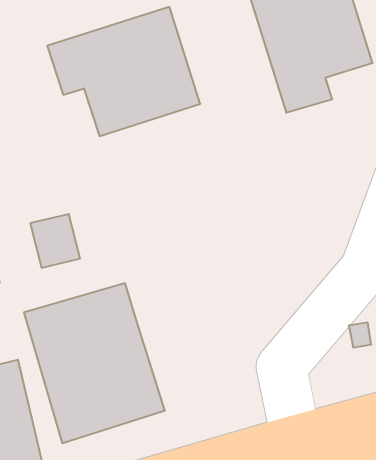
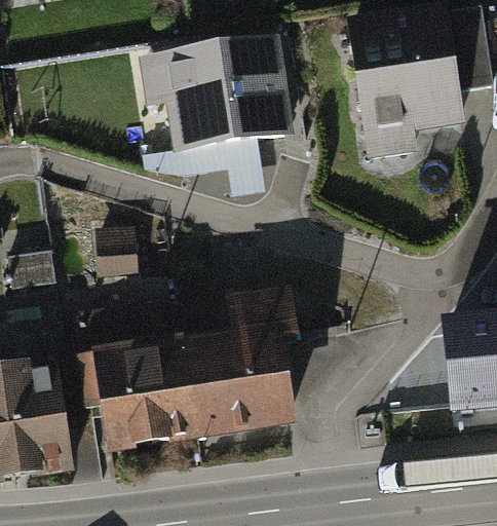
building: none -> [189,287,294,437]

